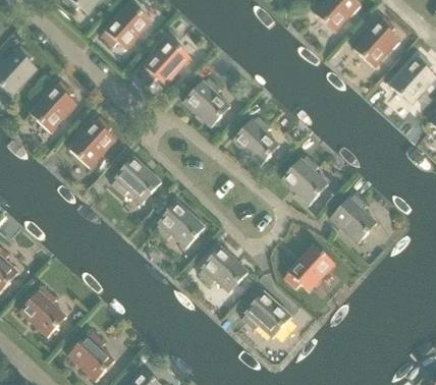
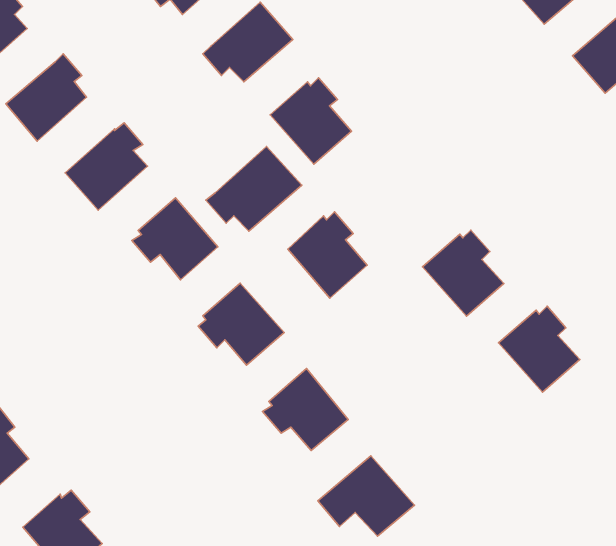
building: [232,116,279,166] -> [288,212,367,298]
building: none -> [206,147,302,231]
building: [283,244,334,291] -> none

